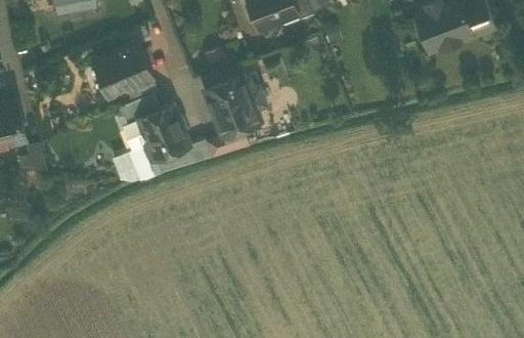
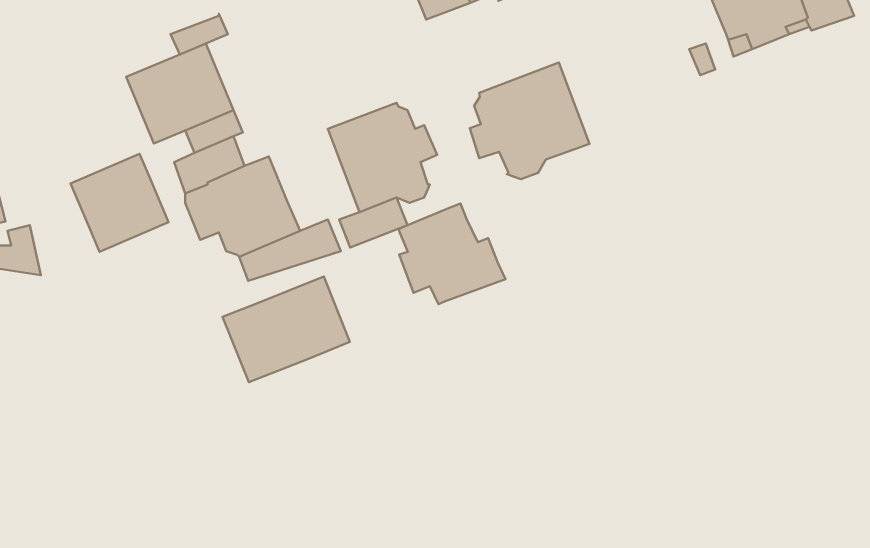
building: none -> [470,63,590,179]
building: none -> [70,154,169,252]
building: none -> [399,204,505,304]
building: none -> [223,276,350,382]

